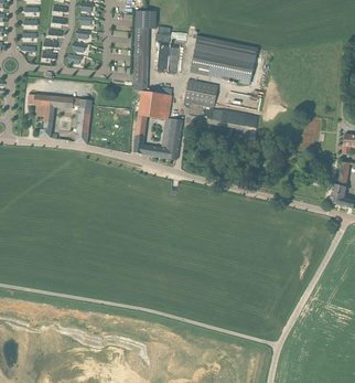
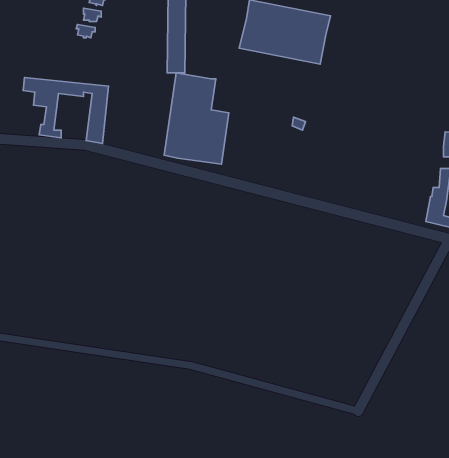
building: [155,43,180,72] -> none
building: [183,79,217,106] -> none

